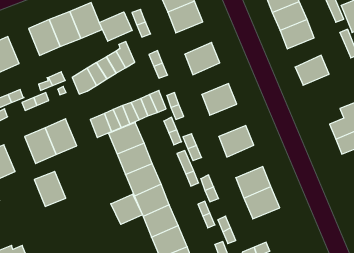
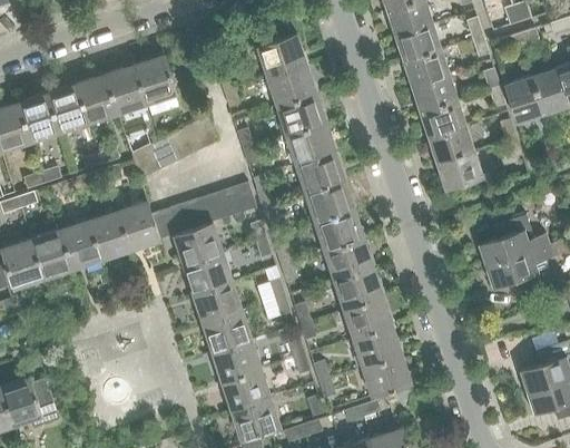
building: [99,12,132,41] -> none
building: none -> [276,92,324,135]
building: none -> [47,84,88,130]
building: none -> [426,126,472,164]
building: none -> [295,150,343,192]
building: none -> [314,208,362,251]
building: none -> [117,202,158,249]
building: none -> [333,266,381,309]
building: [34,171,66,206] -> [30,231,71,277]
building: [111,194,143,224] -> none
building: none -> [362,354,410,397]

